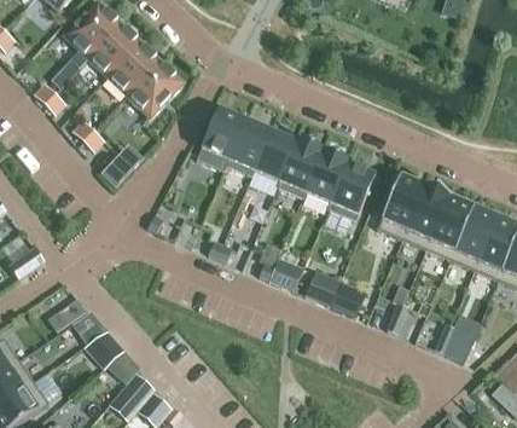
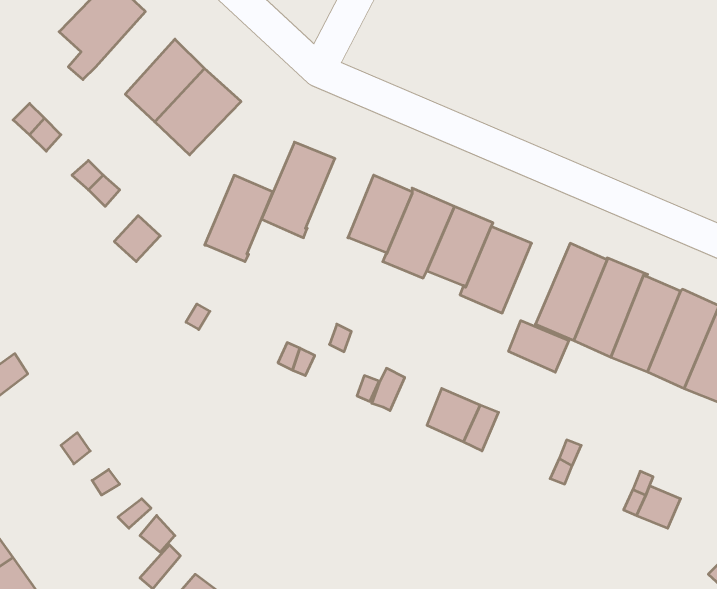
building: [87,22,139,76] -> none
building: [225,118,269,175] -> [205,175,273,262]
building: none -> [509,321,569,372]

